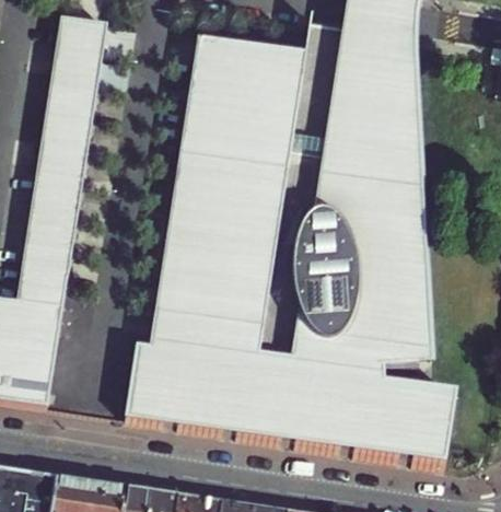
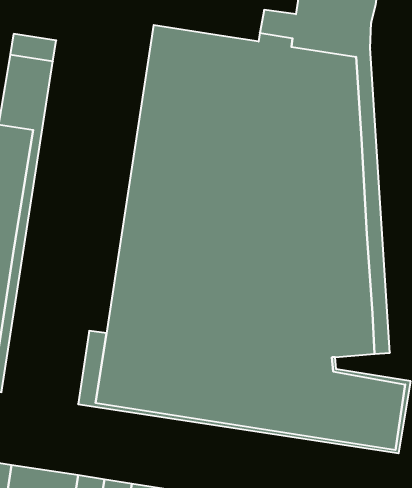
building: [58,13,106,49] -> none

